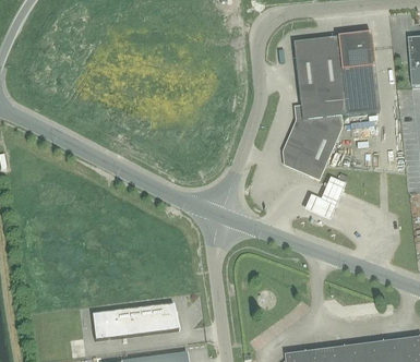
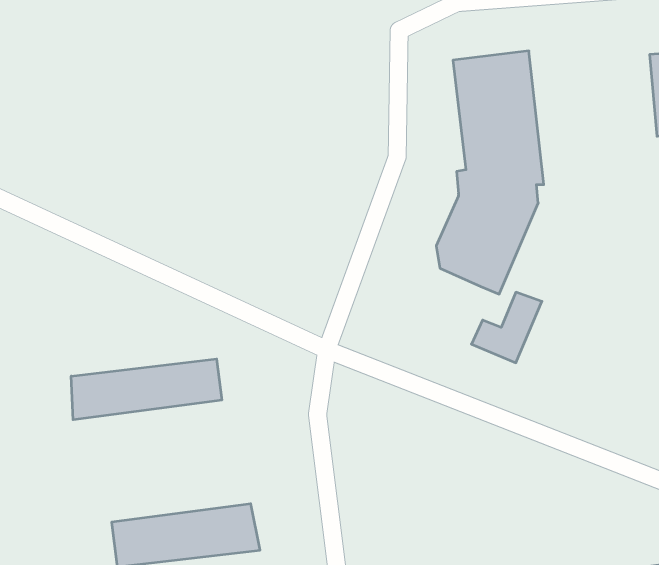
building: [337,32,380,113] -> none
building: none -> [71,359,222,420]

